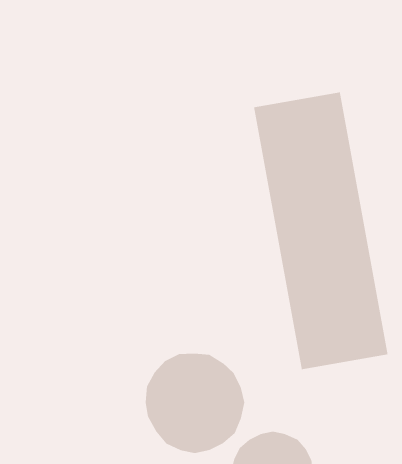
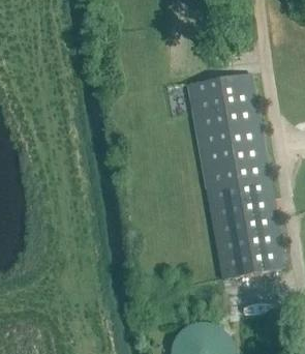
building: [145,353,245,454] -> none

